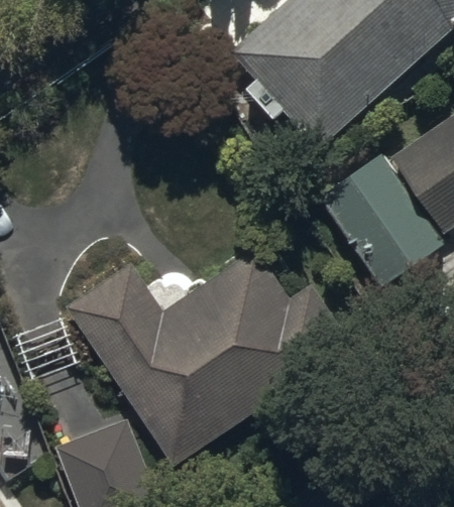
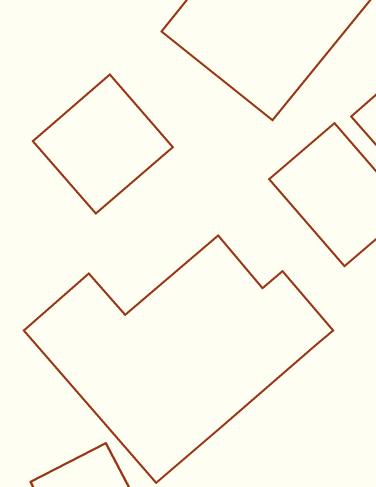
building: none -> [33,75,173,214]

